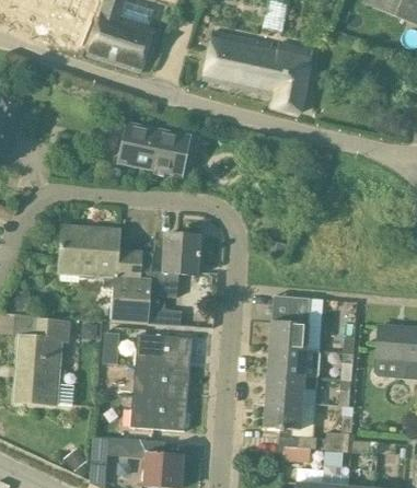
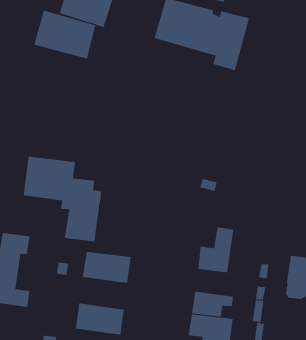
building: [118,120,190,175] -> [34,10,96,59]
building: [148,233,200,325] -> none
building: [268,347,317,376] -> none
building: [132,364,189,399] -> none

